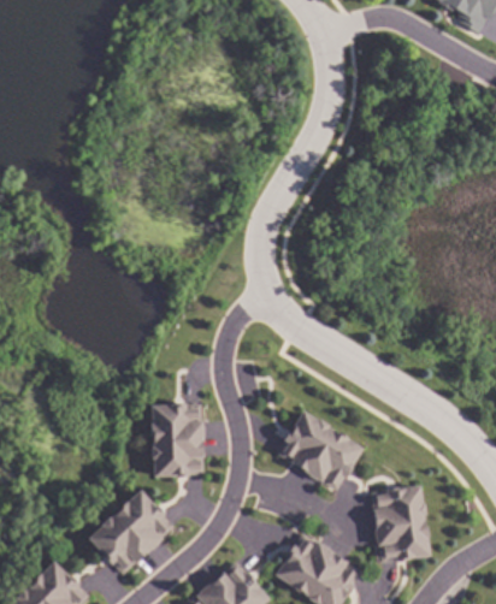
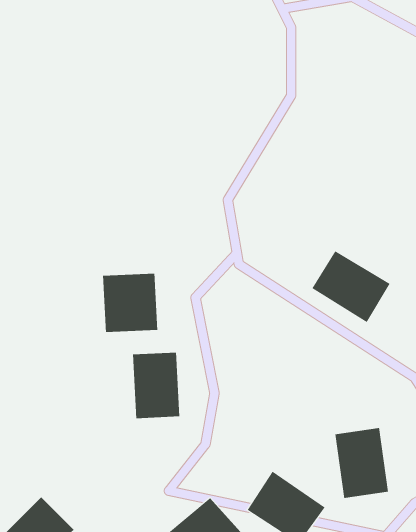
building: none -> [103,273,158,333]
building: [276,413,361,491] -> [312,251,390,323]
building: [88,491,173,575] -> none

